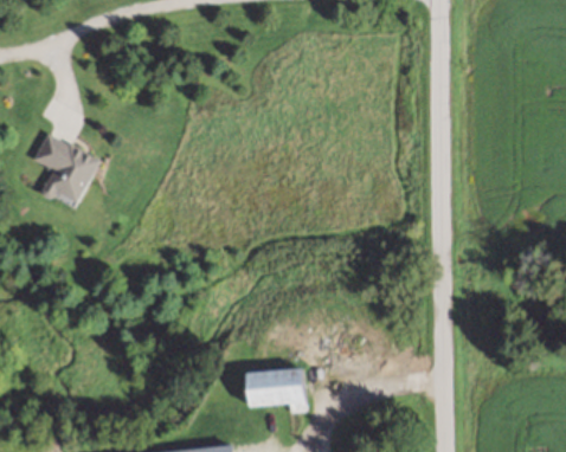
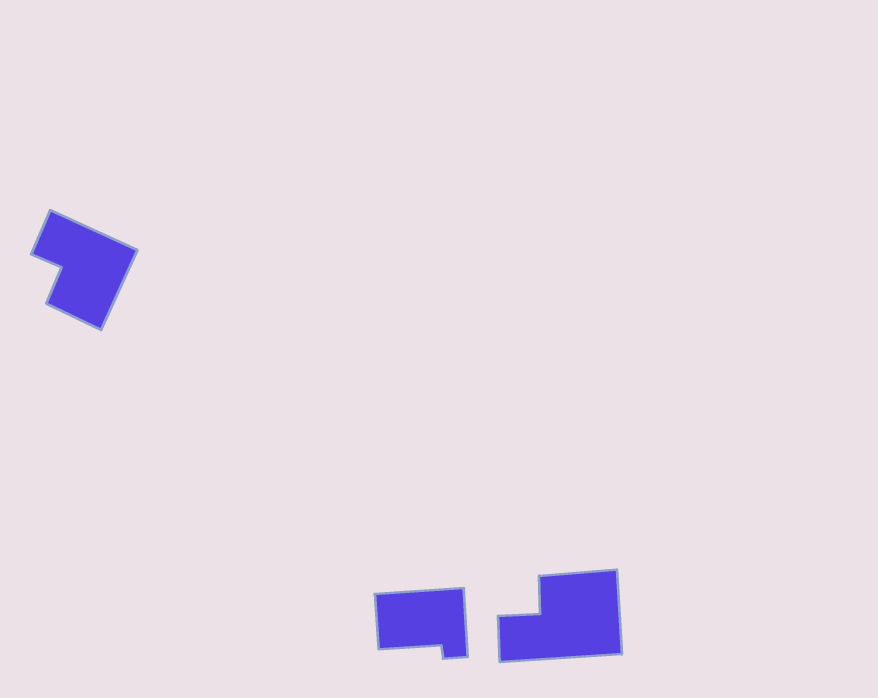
building: none -> [498,570,622,662]

